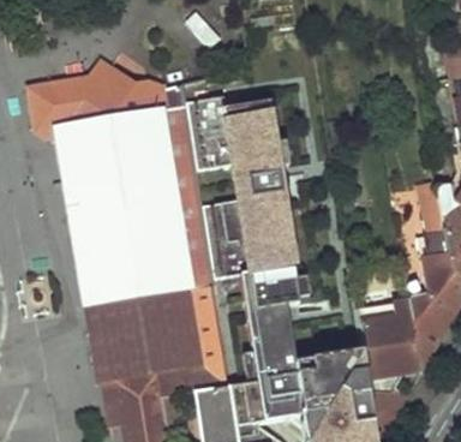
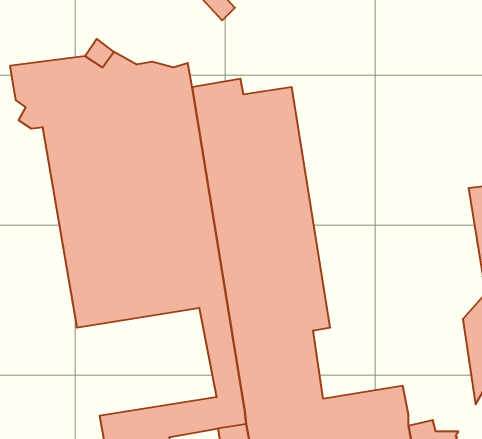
building: [353,286,421,381] -> none
building: [85,291,203,383] -> none

